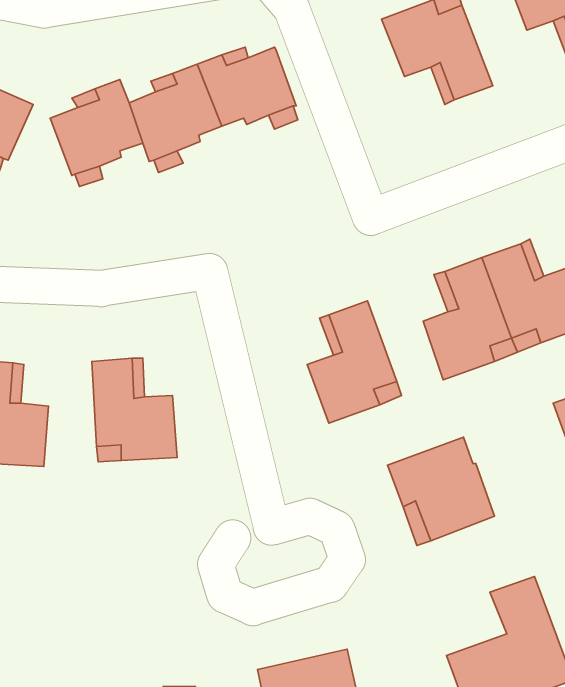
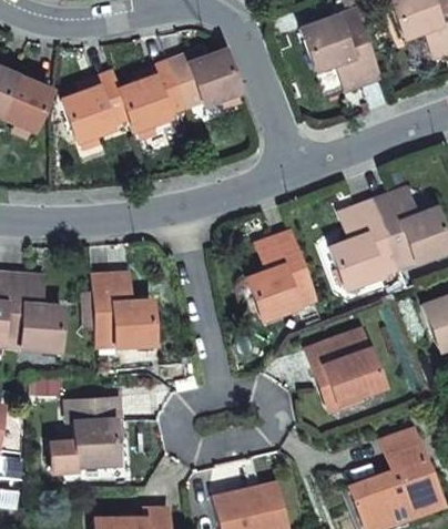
building: none -> [51,398,121,469]

